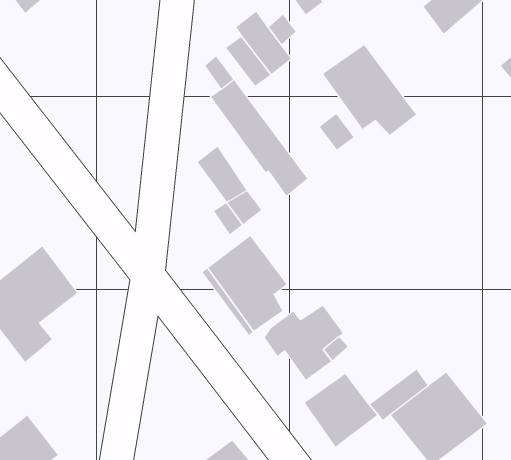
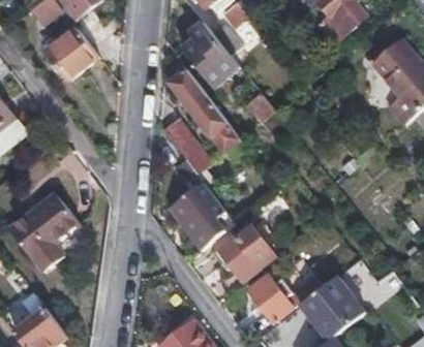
building: none -> [44,30,97,81]
building: [322,44,417,136] -> none

